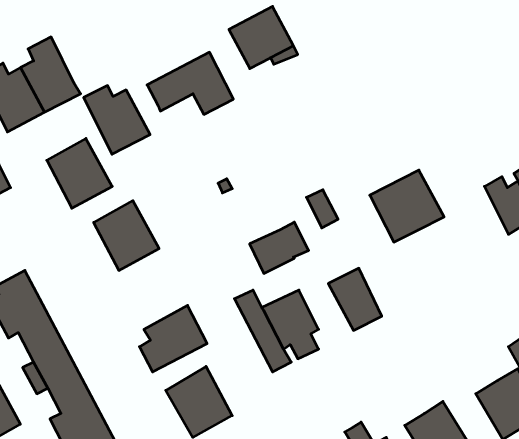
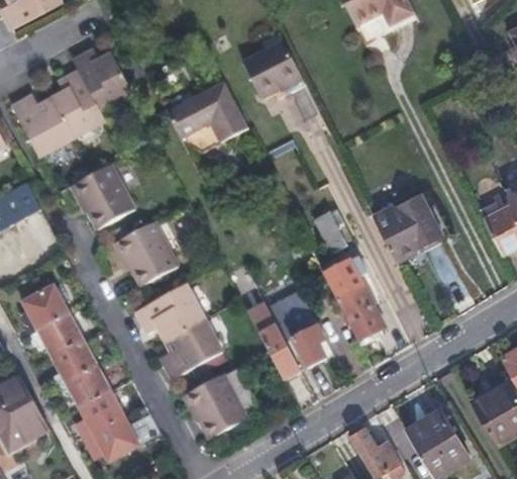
building: [84,86,150,154] -> [74,49,135,112]
building: [250,222,309,273] -> [322,251,377,298]
building: none -> [135,284,205,341]

